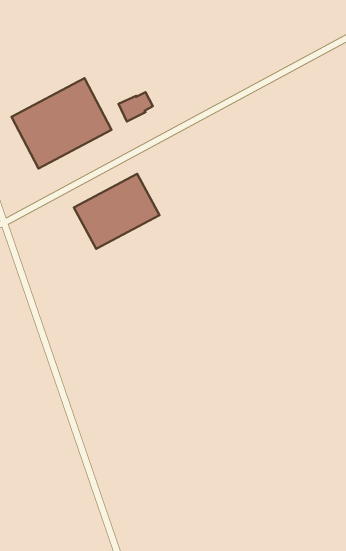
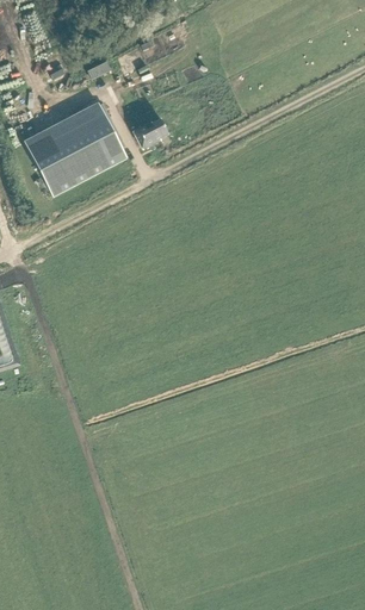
building: [74,174,160,249] -> none

